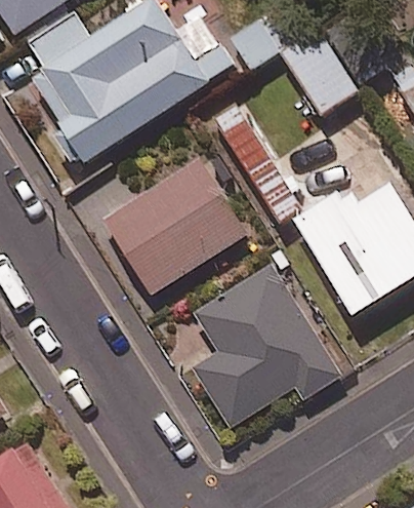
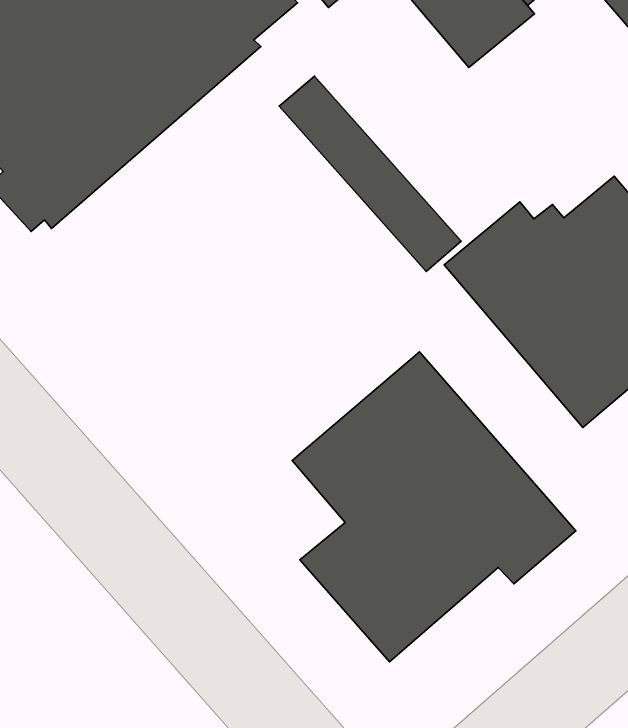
building: [100,157,247,296] -> none

